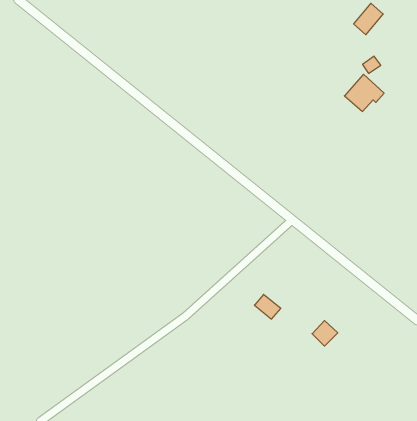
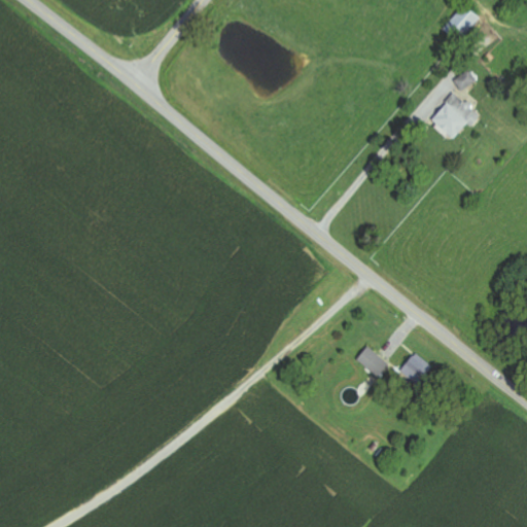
building: [254,294,281,319] -> [355,347,388,378]
building: [312,321,338,346] -> [399,353,431,385]

